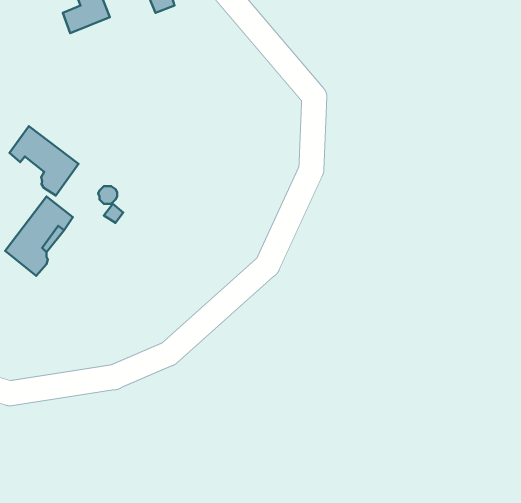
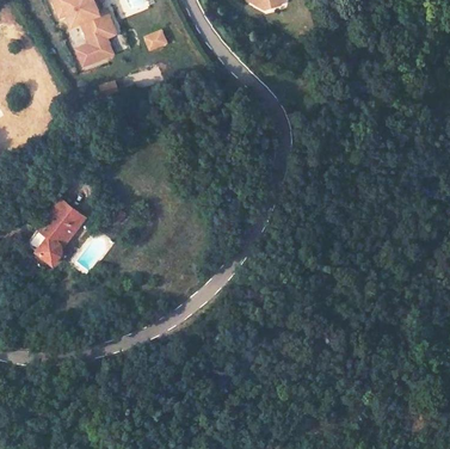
building: [9,126,78,195] -> none

